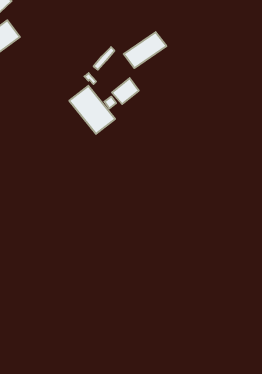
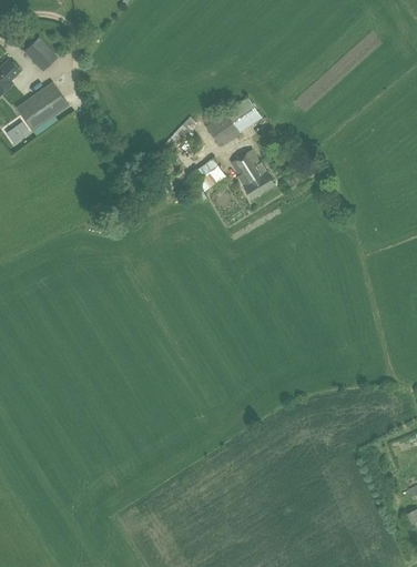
building: none -> [231,150,274,199]
building: [69,86,115,134] -> none

